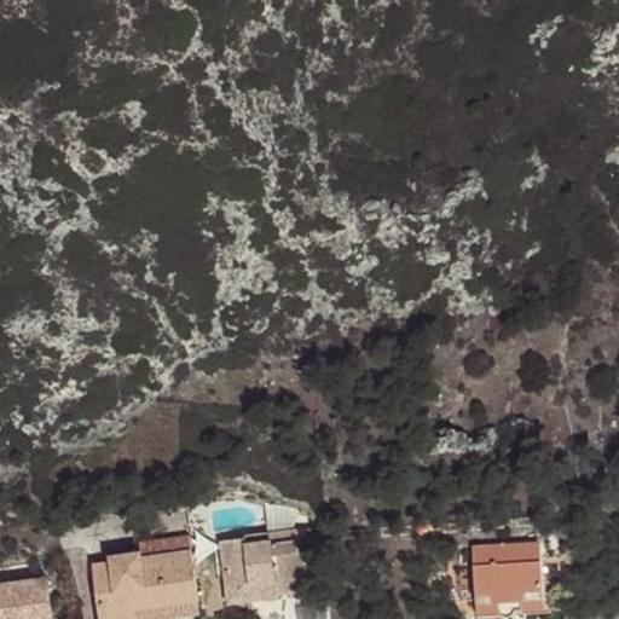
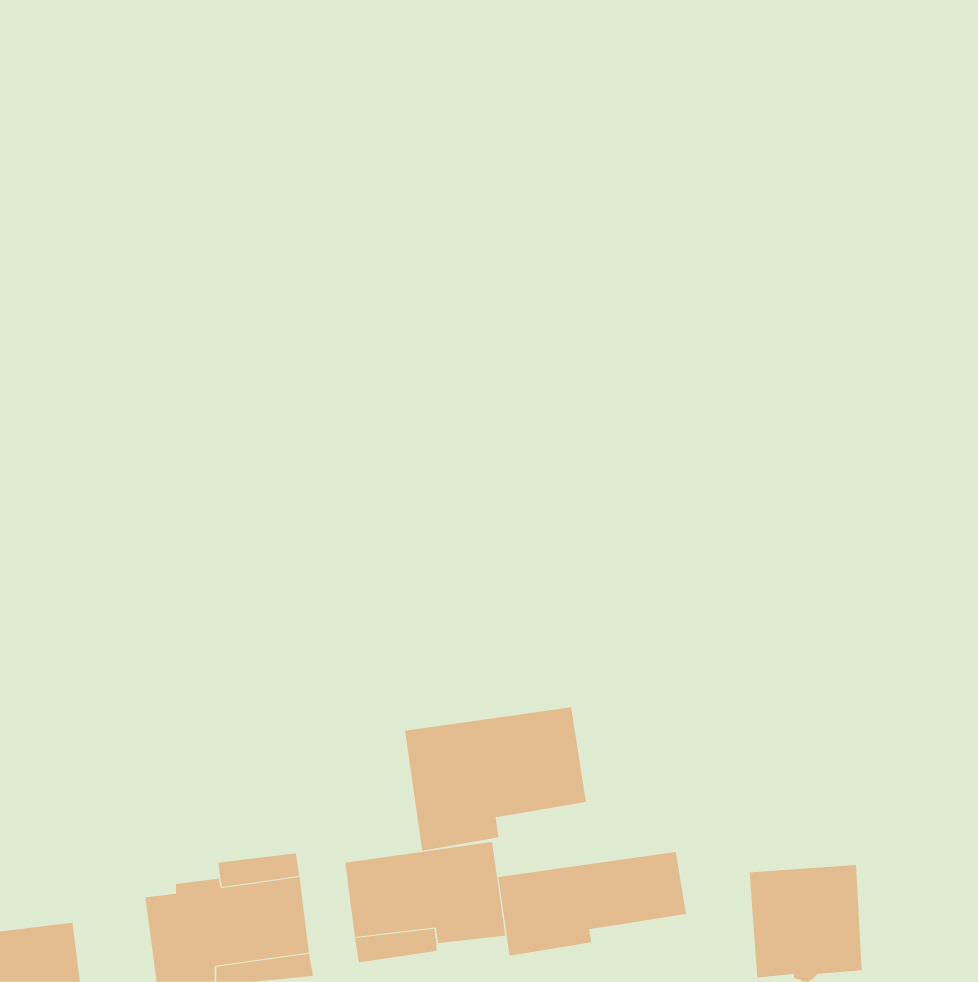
building: none -> [405,706,586,852]
building: none -> [498,851,686,957]

